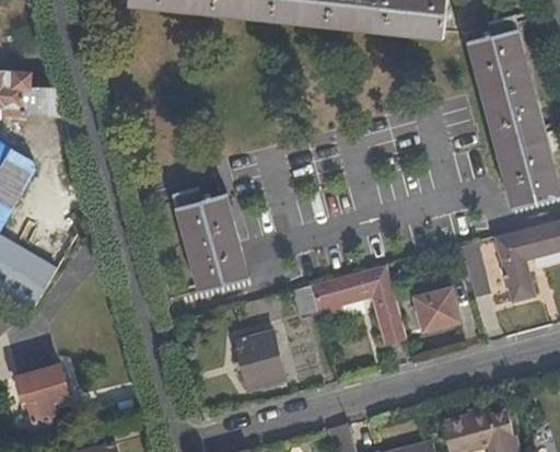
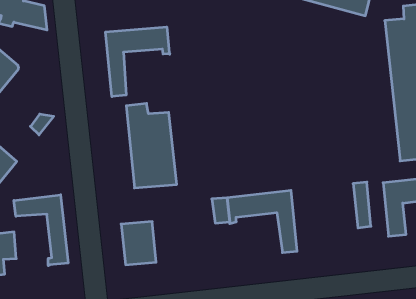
building: none -> [106,27,170,97]
building: [416,288,460,329] -> none
building: none -> [14,195,68,266]
building: [236,332,285,389] -> [121,222,156,265]

